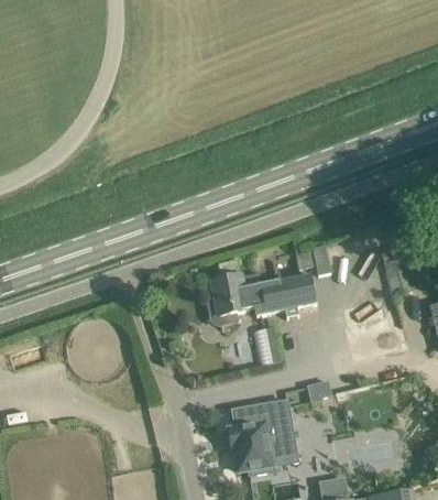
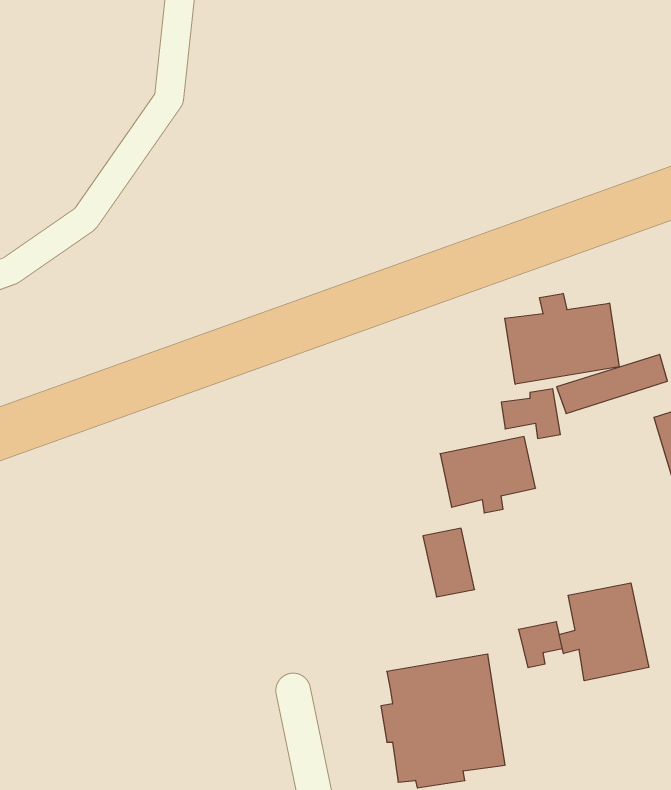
building: none -> [505,293,619,384]
building: [206,259,266,324] -> none
building: none -> [559,583,649,681]

